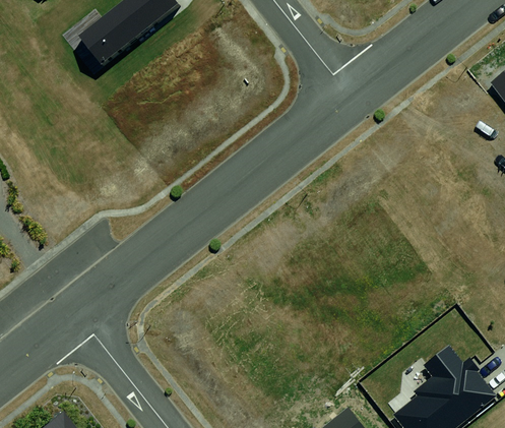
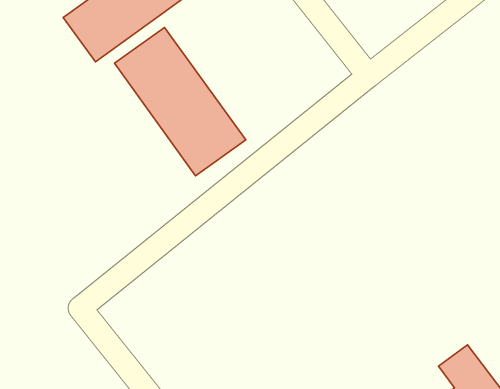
building: none -> [114,27,246,176]

